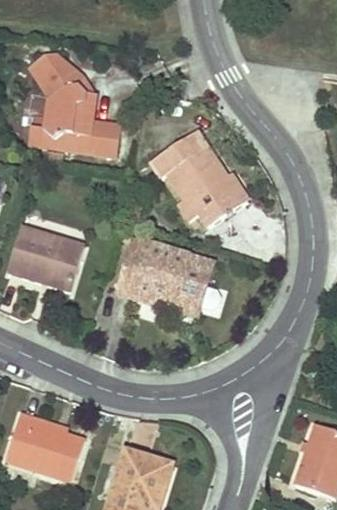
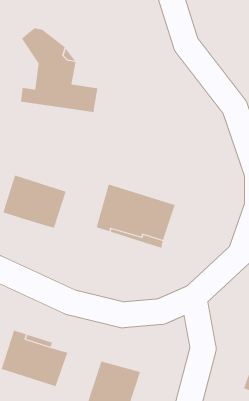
building: [152,133,249,227] -> none

